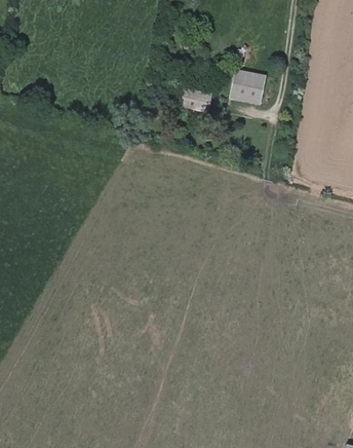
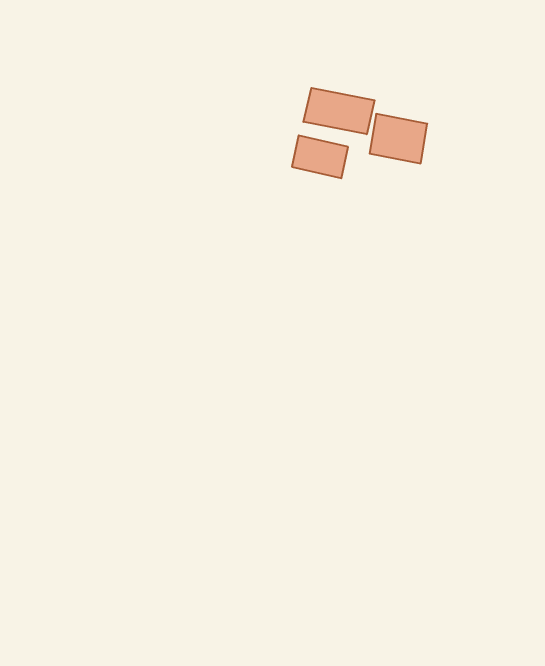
building: none -> [303,88,375,134]

